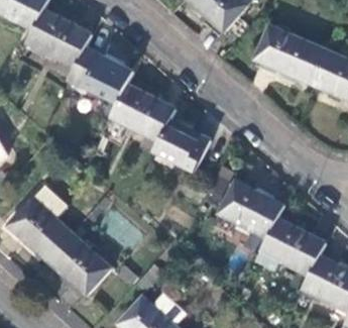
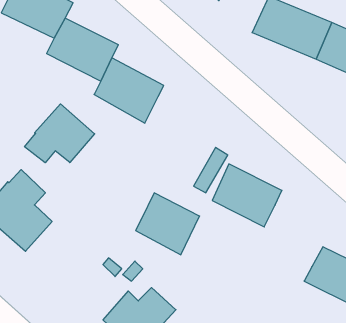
building: [151,119,210,176] -> [136,193,200,255]
building: none -> [25,104,95,163]
building: [258,218,324,275] -> none
building: [47,233,109,293] -> none

